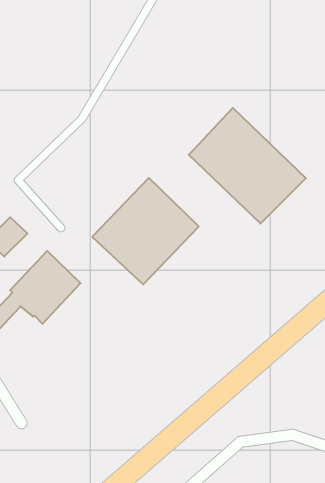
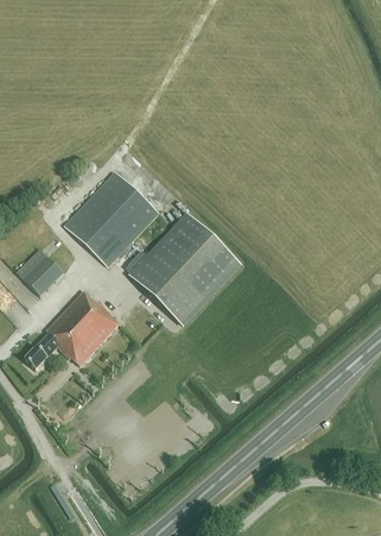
building: [189,108,306,224] -> none
building: none -> [64,171,157,266]

